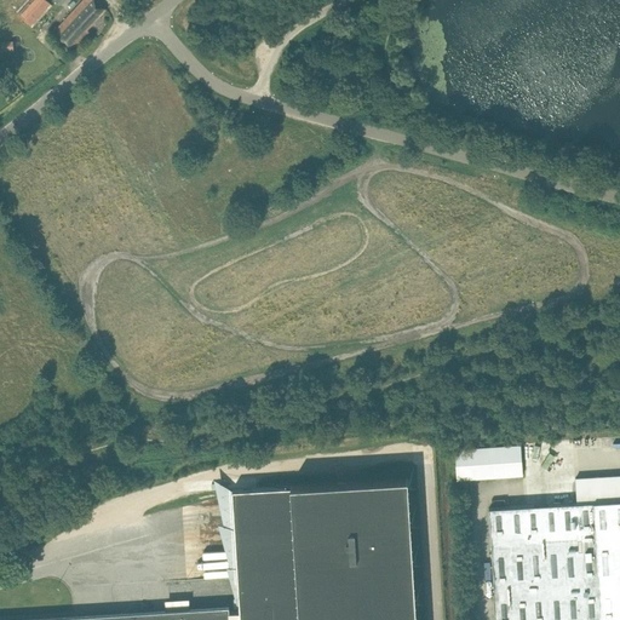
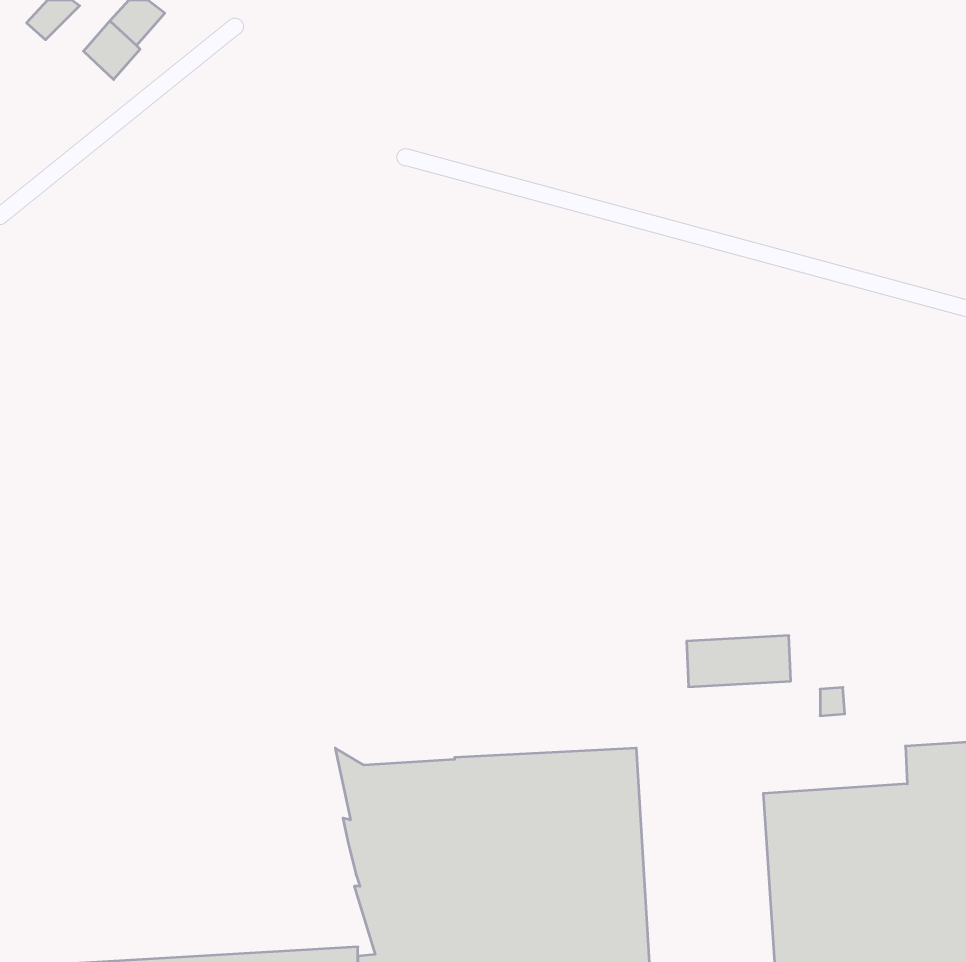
building: [457,449,523,482] -> [687,636,791,687]

